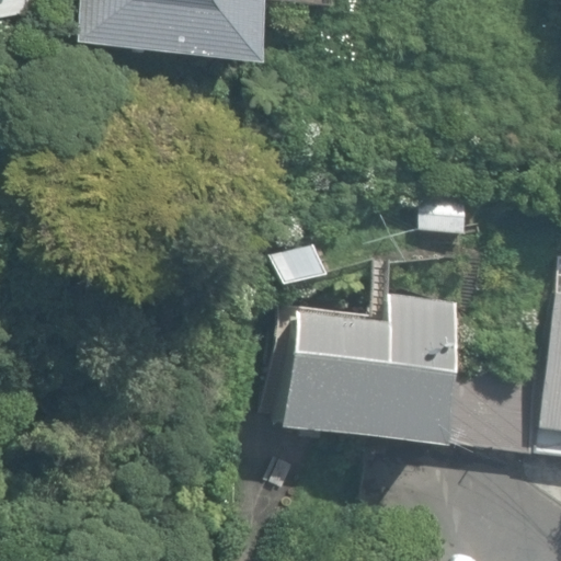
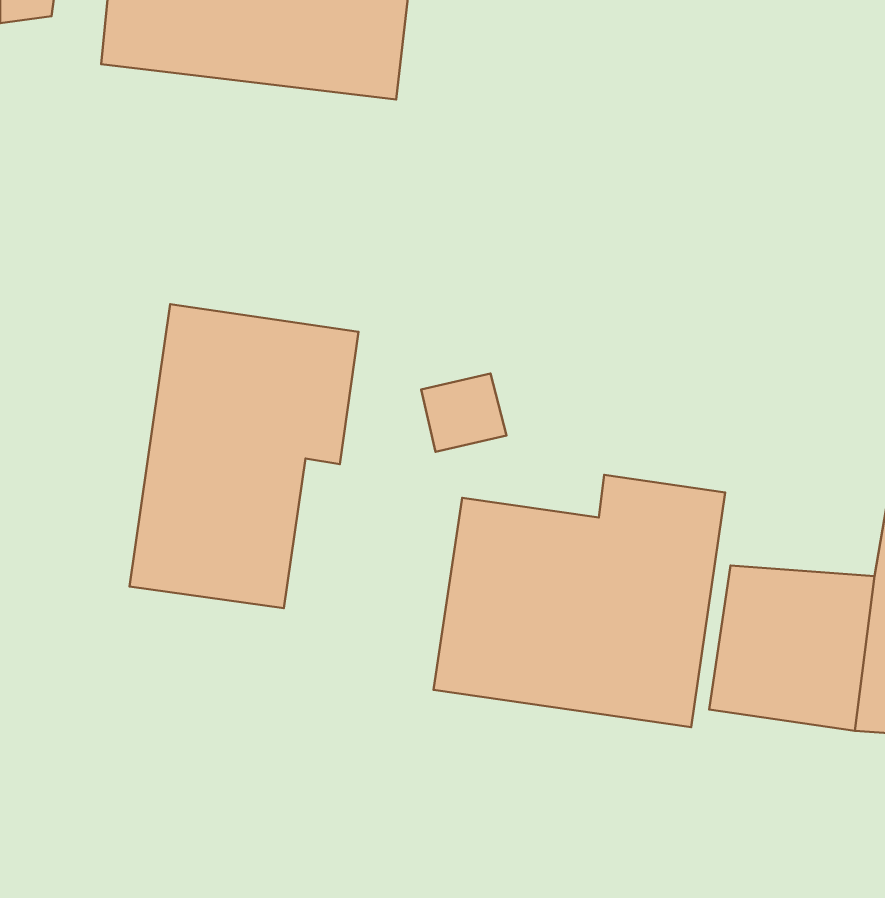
building: none -> [129,304,359,608]

